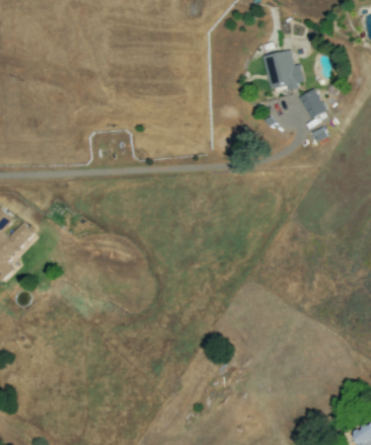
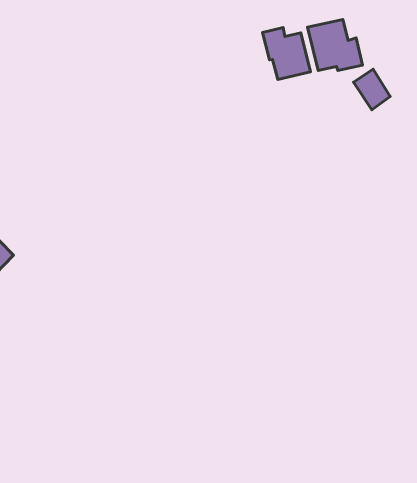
building: none -> [262,28,311,80]

